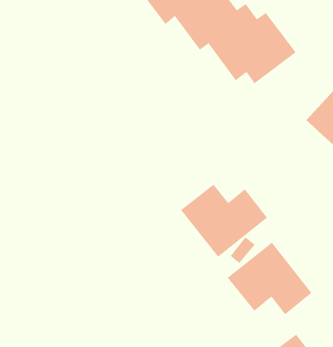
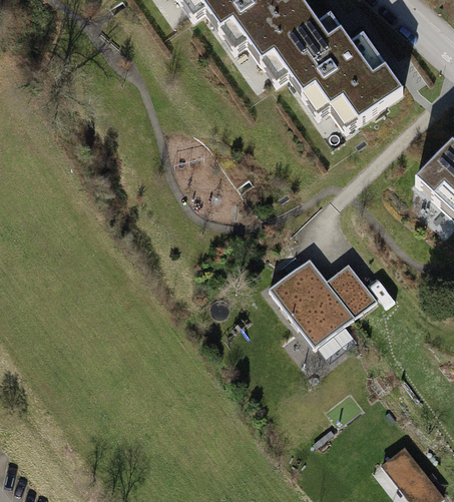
building: [227,242,312,315] -> none

